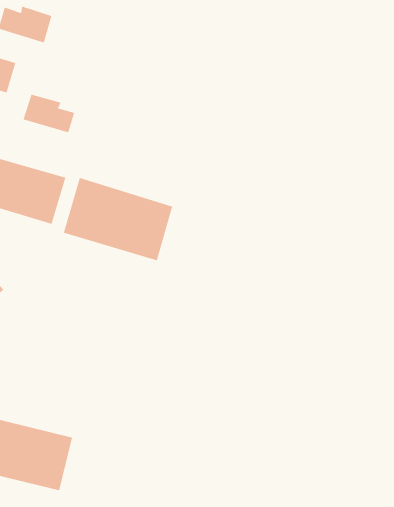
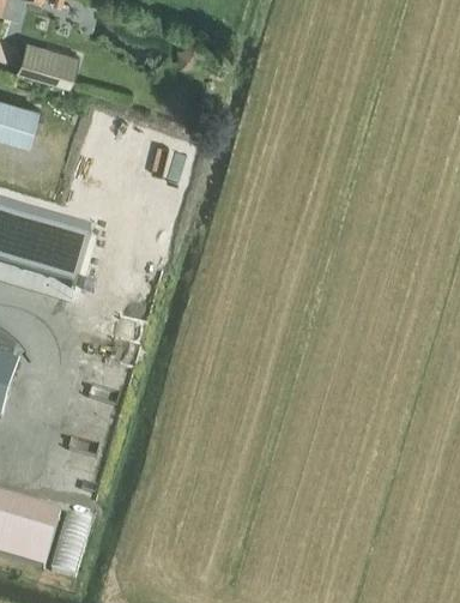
building: [23,94,75,133] -> none
building: [63,177,173,261] -> none

